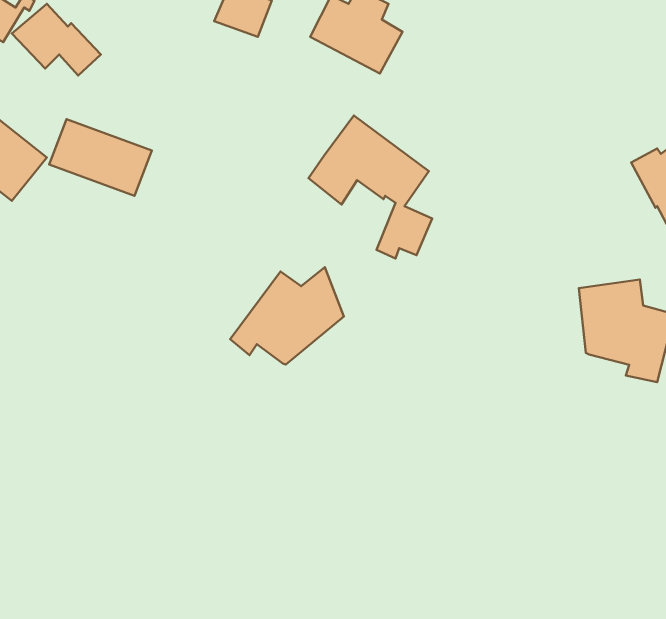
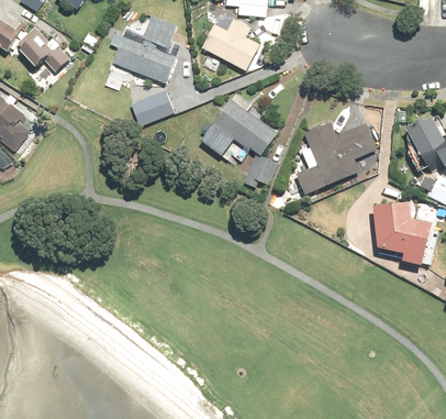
building: none -> [132,90,175,125]
building: [49,119,152,196] -> [112,34,177,82]
building: none -> [296,120,378,194]
building: [230,267,344,364] -> none

